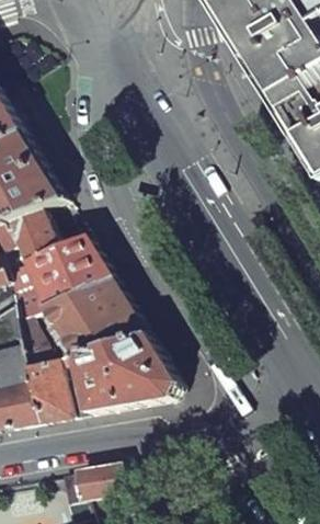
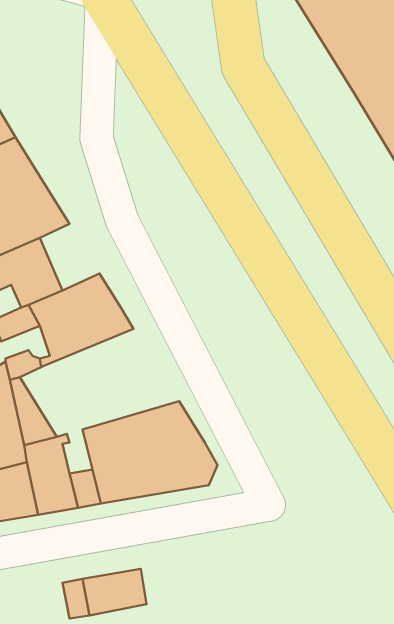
building: [41,276,145,355] -> none

